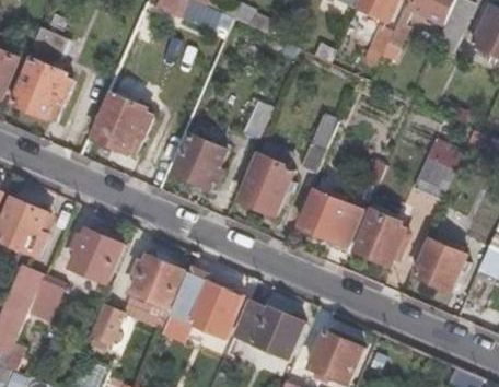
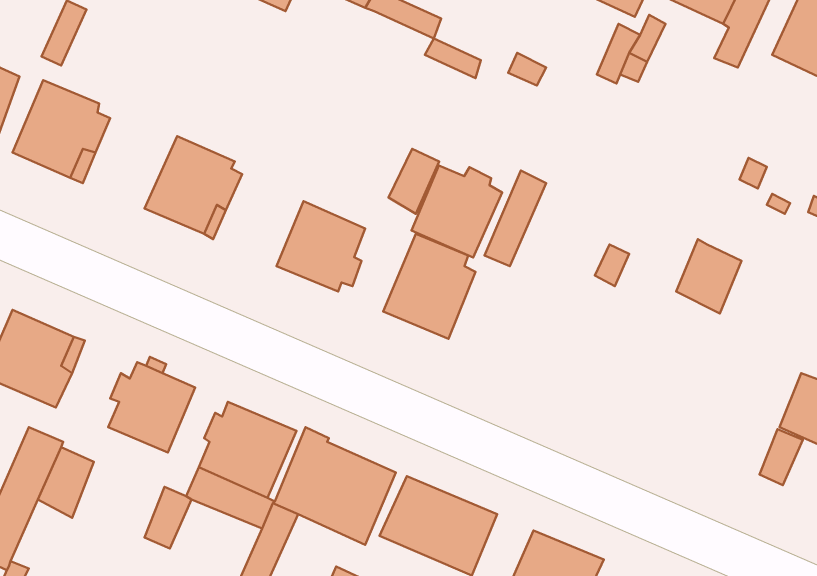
building: [298,185,352,241] -> [412,165,502,258]
building: [353,208,405,263] -> none
building: [414,239,465,290] -> none

